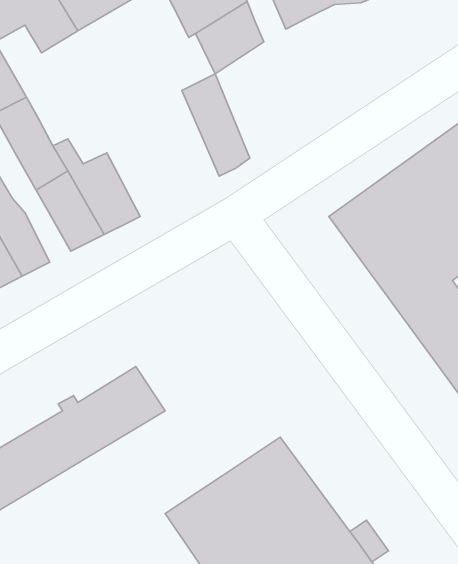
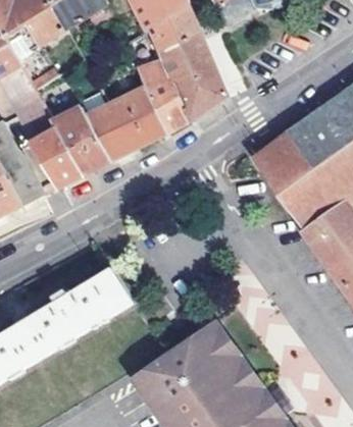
building: none -> [167,32,230,117]
building: none -> [67,70,170,160]

